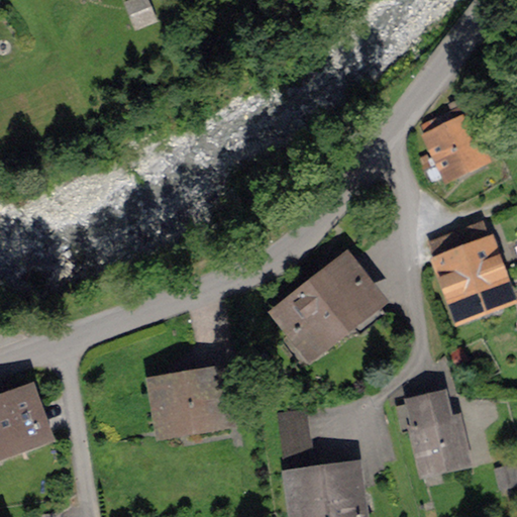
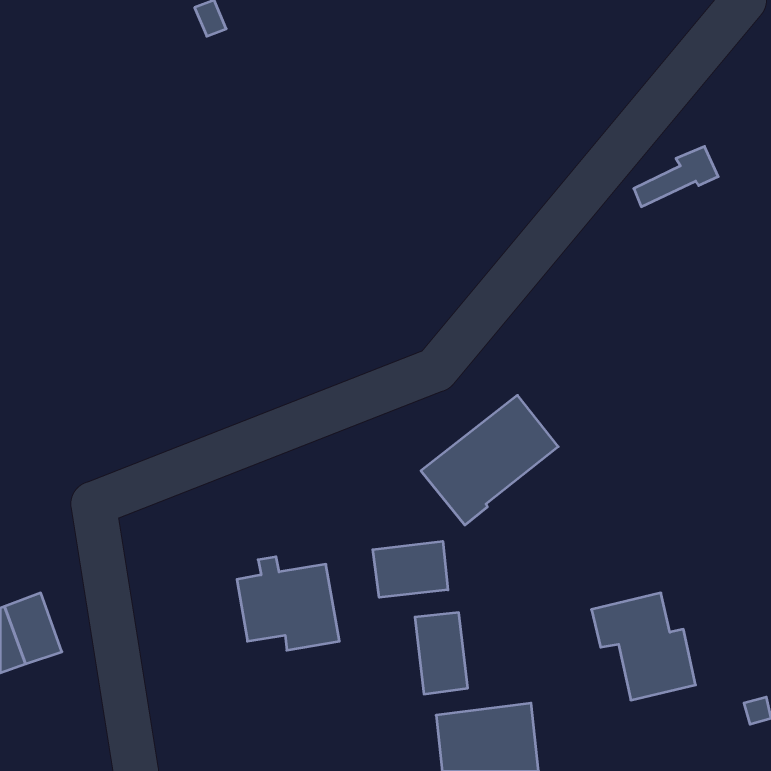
building: [429,121,484,175] -> none
building: [430,224,504,316] -> none
building: none -> [373,541,448,597]

